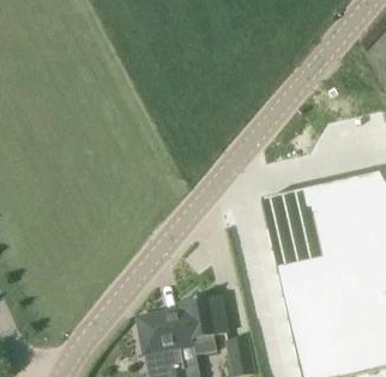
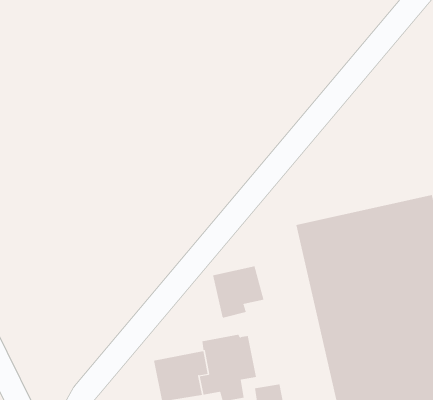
building: none -> [212,265,264,318]

